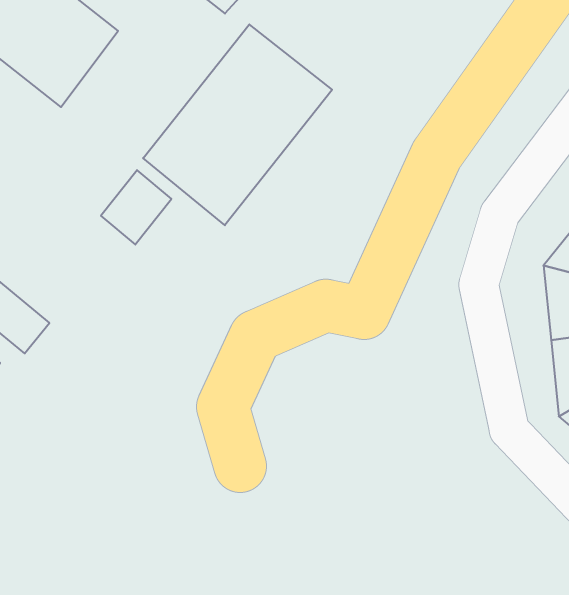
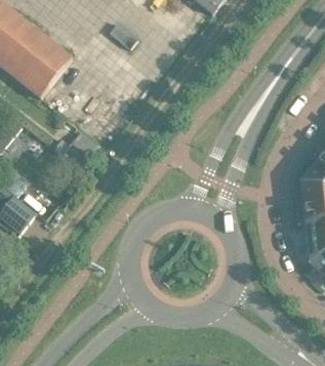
building: [143,24,332,225] -> none

